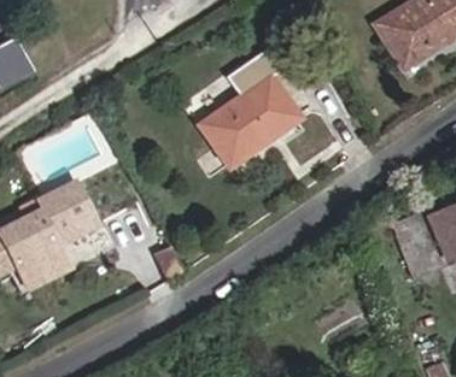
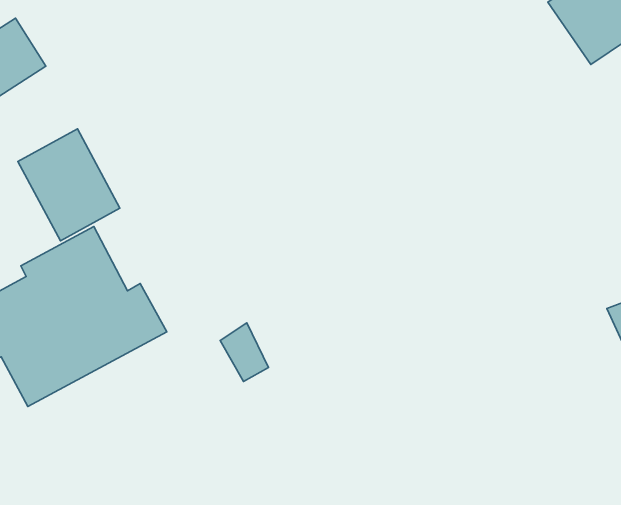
building: [198,72,299,166] -> none
building: none -> [18,129,120,241]

